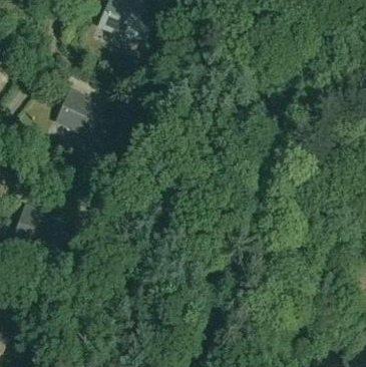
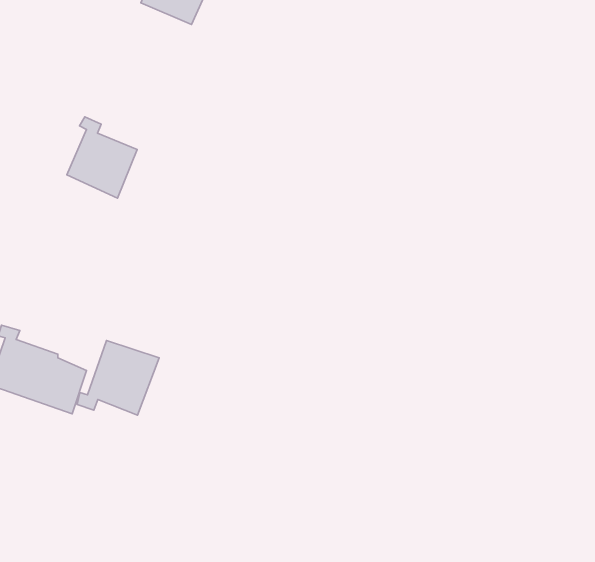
building: none -> [77,341,159,415]

